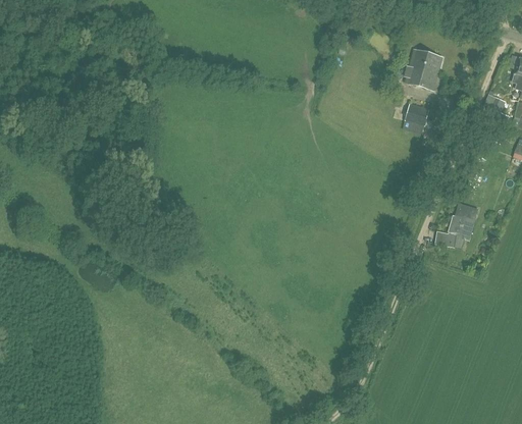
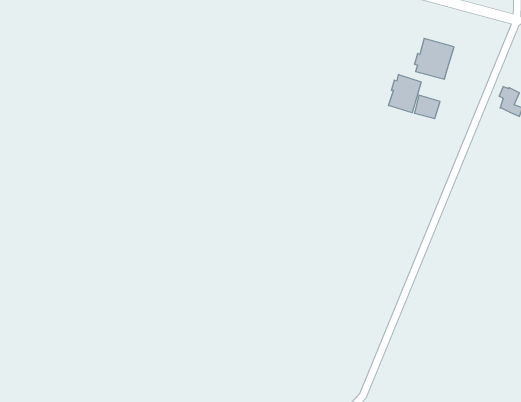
building: none -> [389,74,421,113]
building: [435,204,477,248] -> none

